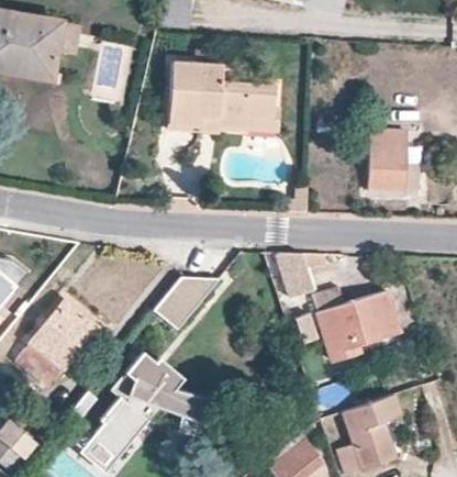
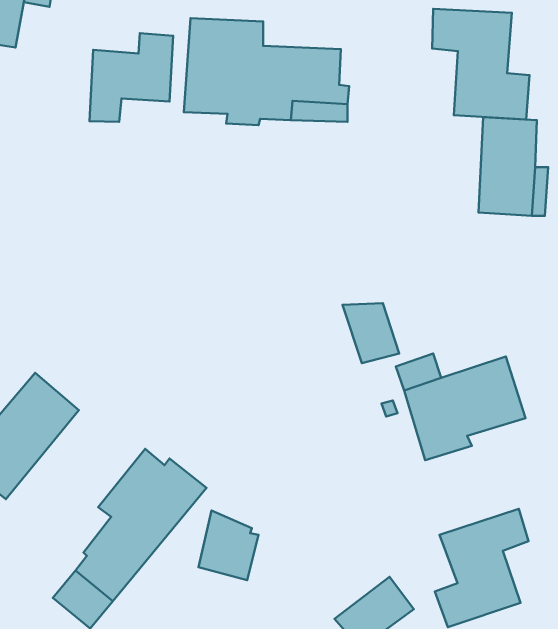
building: none -> [432,9,530,120]
building: none -> [90,33,173,122]
building: [153,278,220,332] -> none

